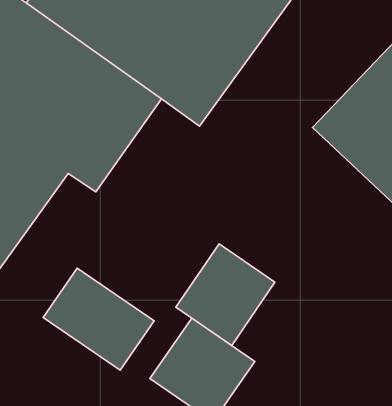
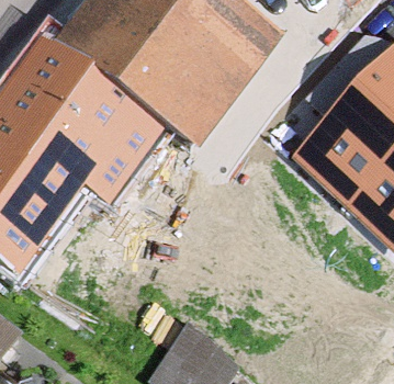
building: [176,244,275,346] -> none
building: [43,268,154,370] -> none

